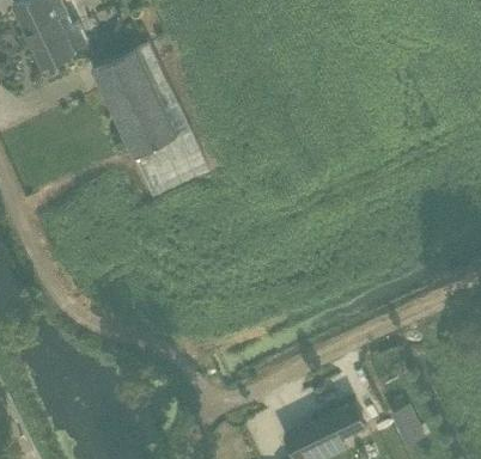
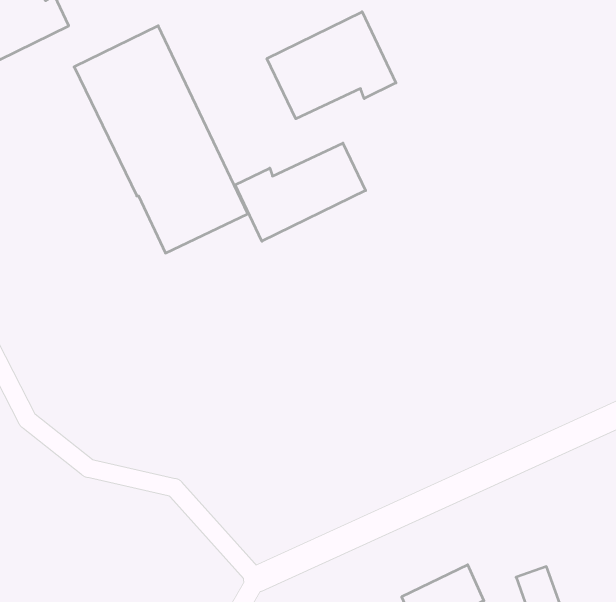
building: none -> [267,12,396,119]
building: none -> [235,143,366,241]

